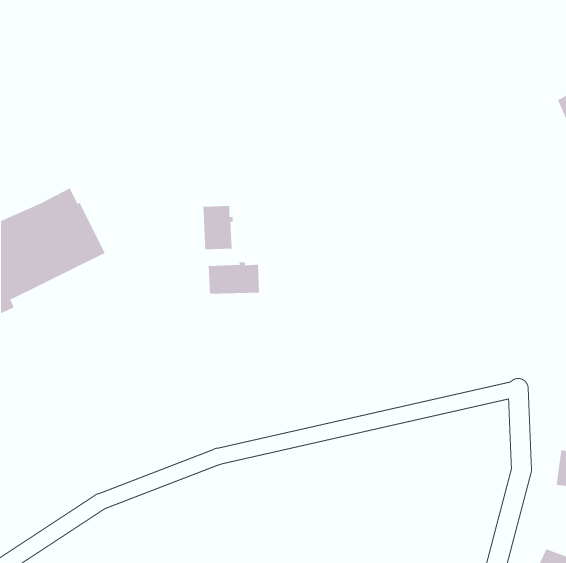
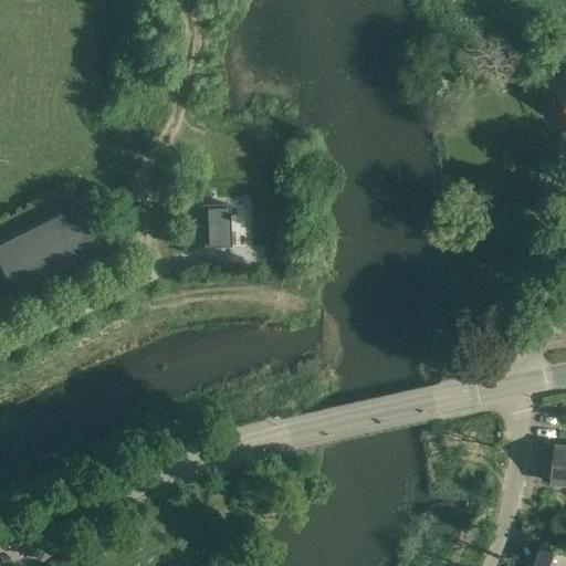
building: [208,261,260,295] -> none

